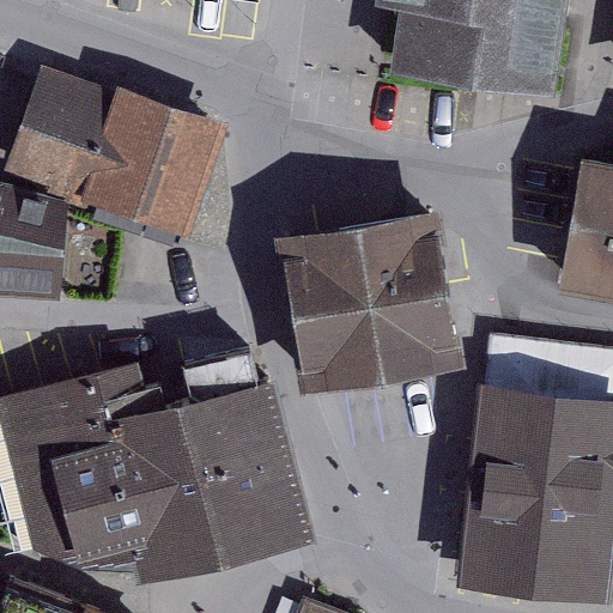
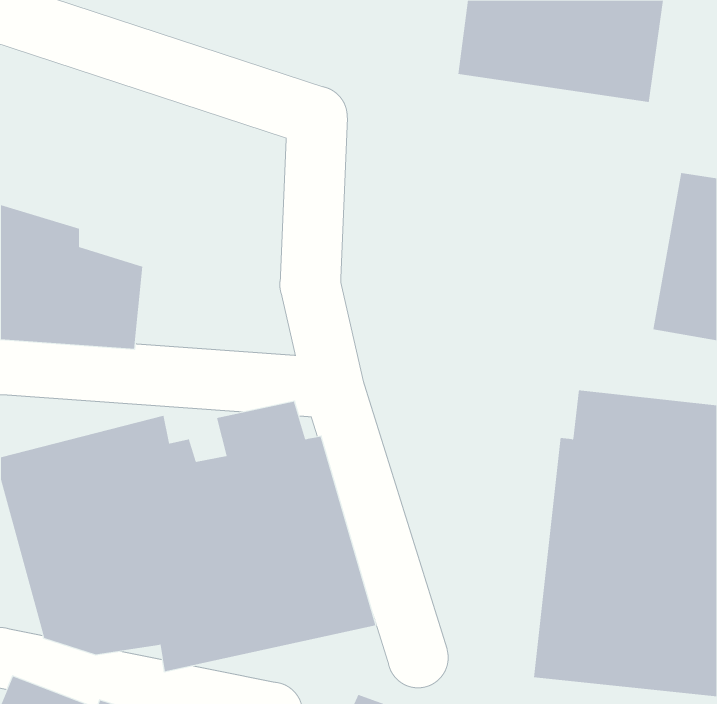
building: [6,69,227,238] -> none
building: [277,211,467,395] -> none

